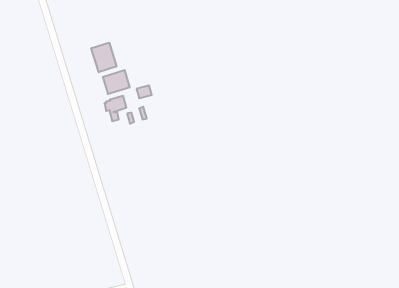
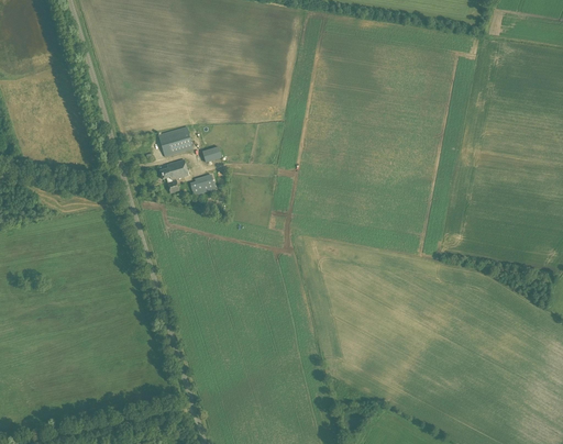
building: [91,43,116,72] -> none

